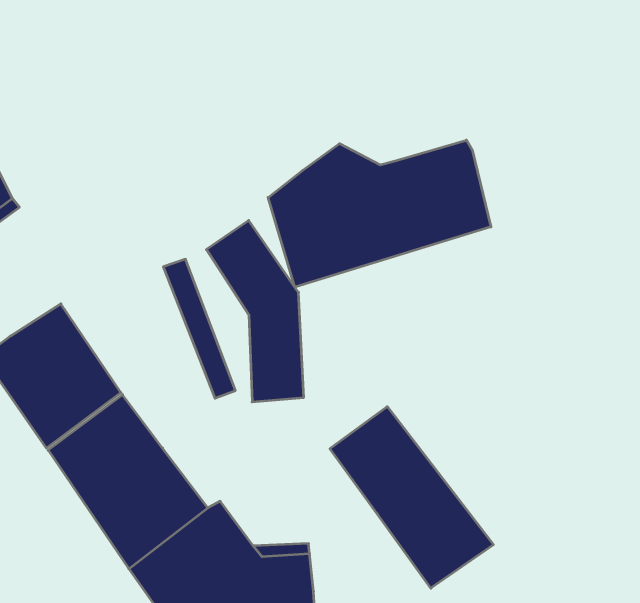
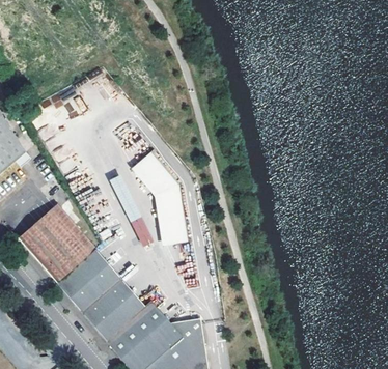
building: [268,140,491,287] -> none
building: [330,407,493,588] -> none

